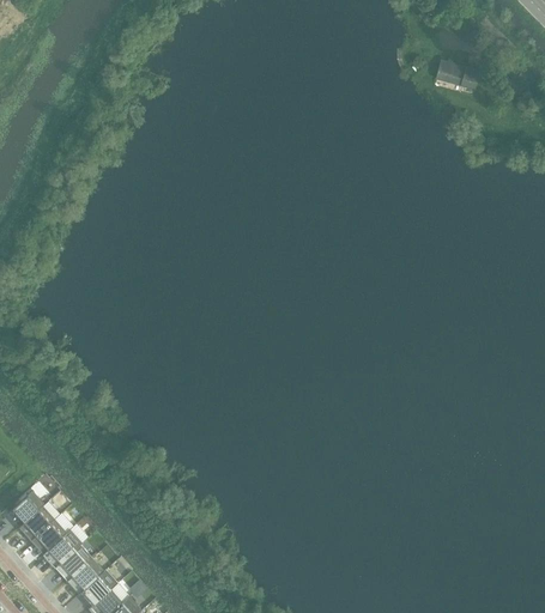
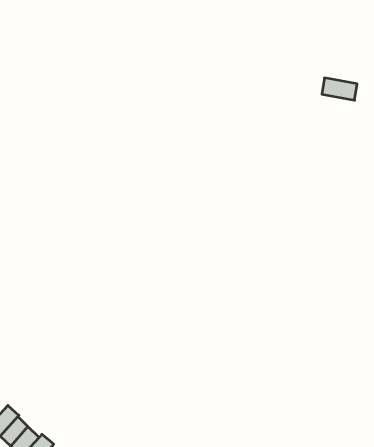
building: [435,61,478,91] -> [322,78,357,100]

